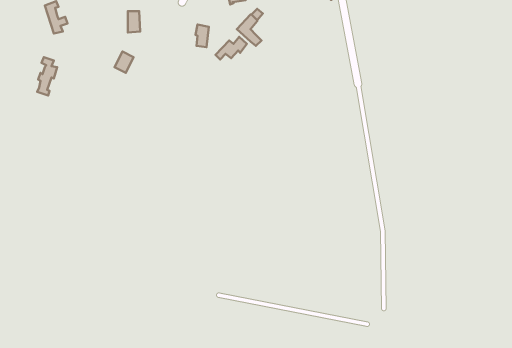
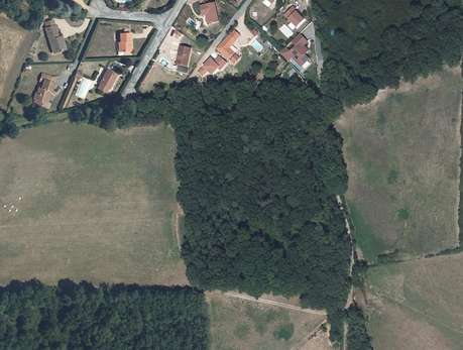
building: none -> [281,30,311,63]

